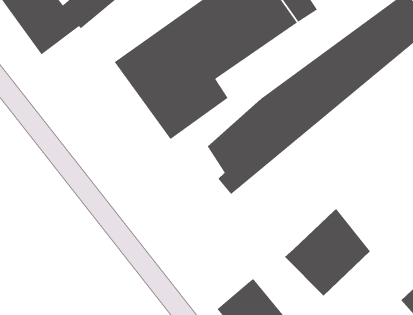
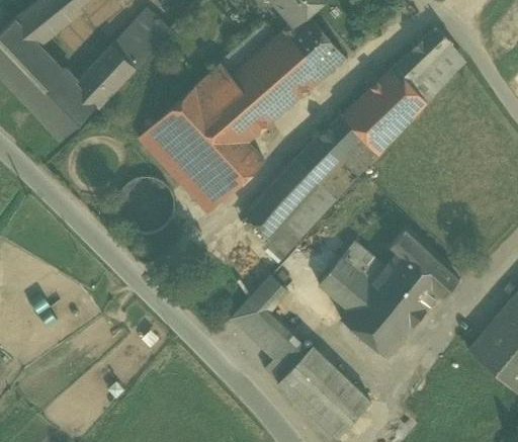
building: none -> [390,230,457,302]
building: none -> [318,240,386,311]
building: none -> [232,276,308,382]

